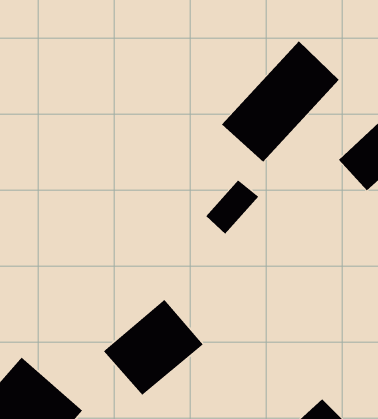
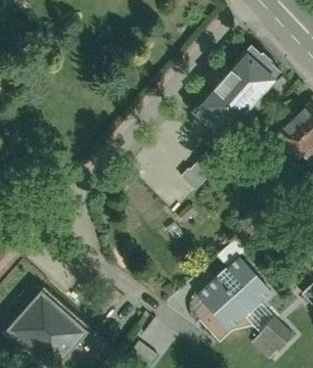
building: [103,299,204,396] -> [198,255,277,330]

